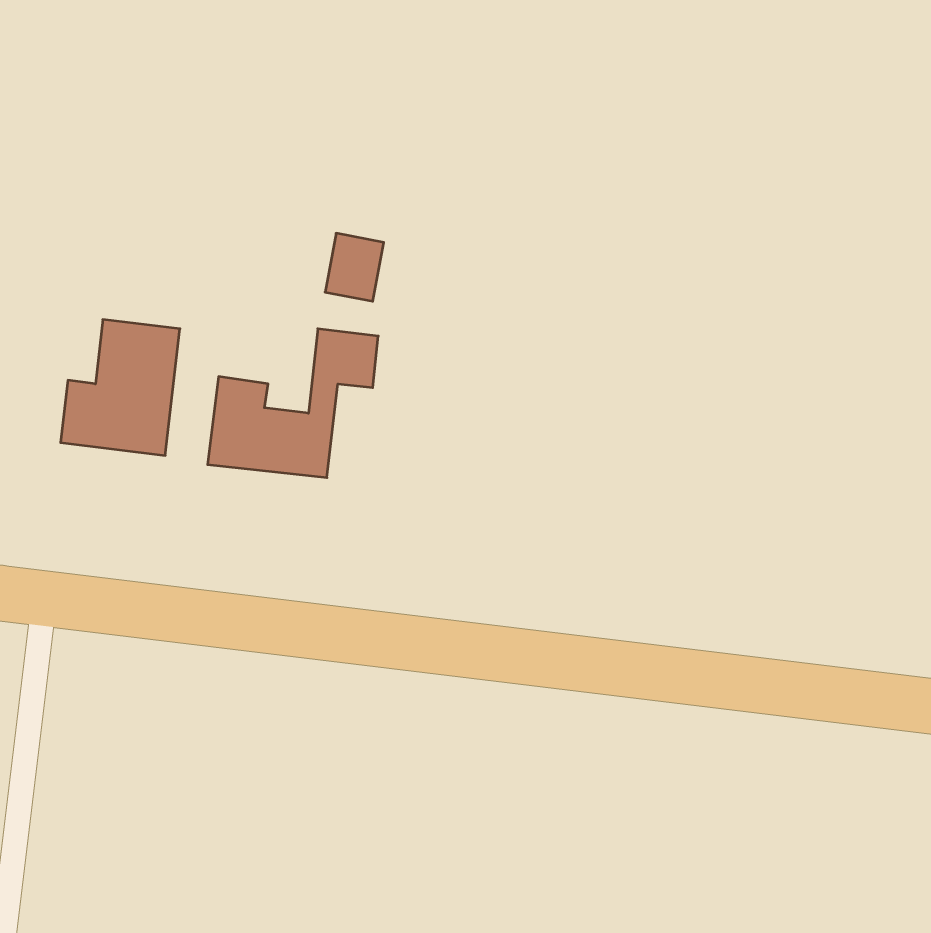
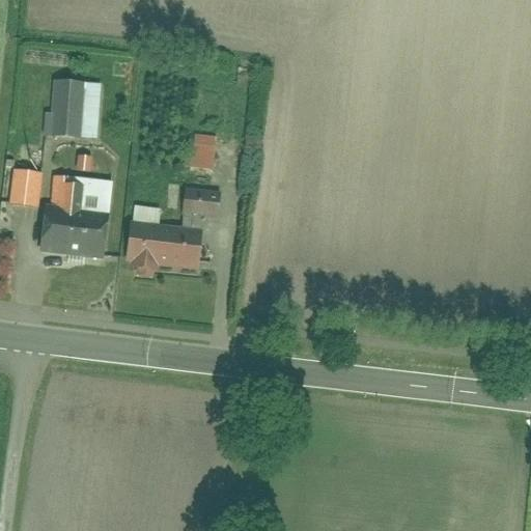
building: none -> [59,89,89,133]
building: none -> [13,168,48,206]

